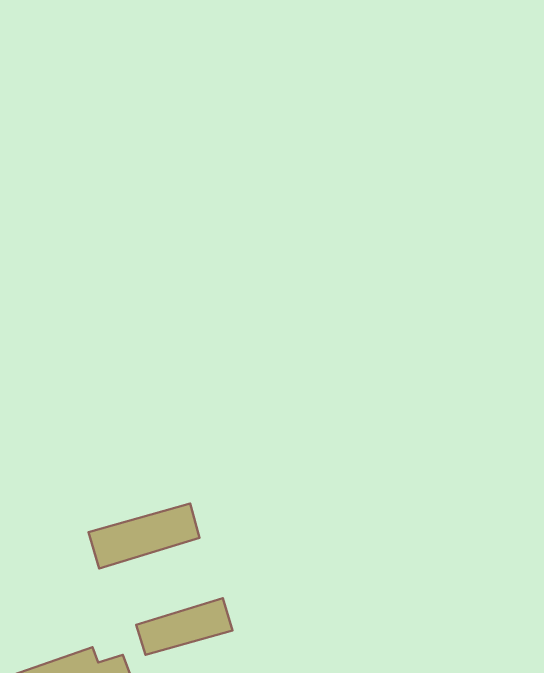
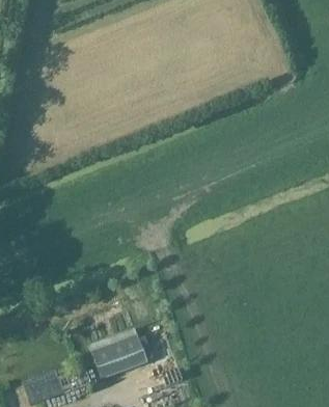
building: [88,503,200,569] -> none

